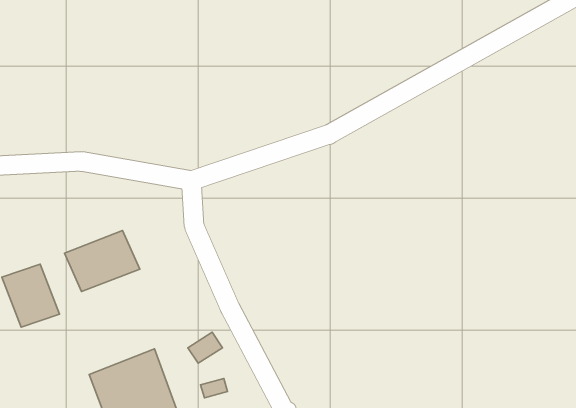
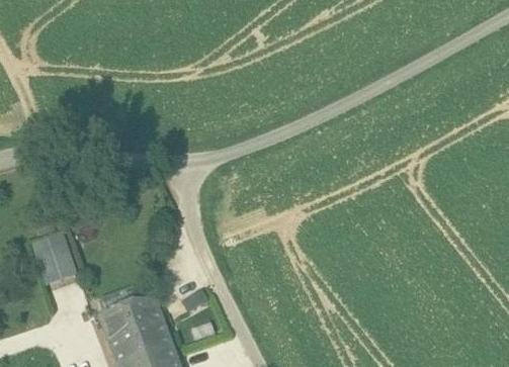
building: [64,231,140,292] -> none

